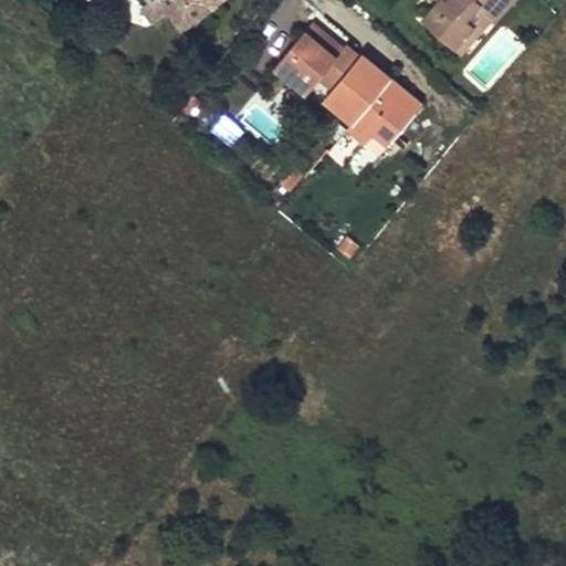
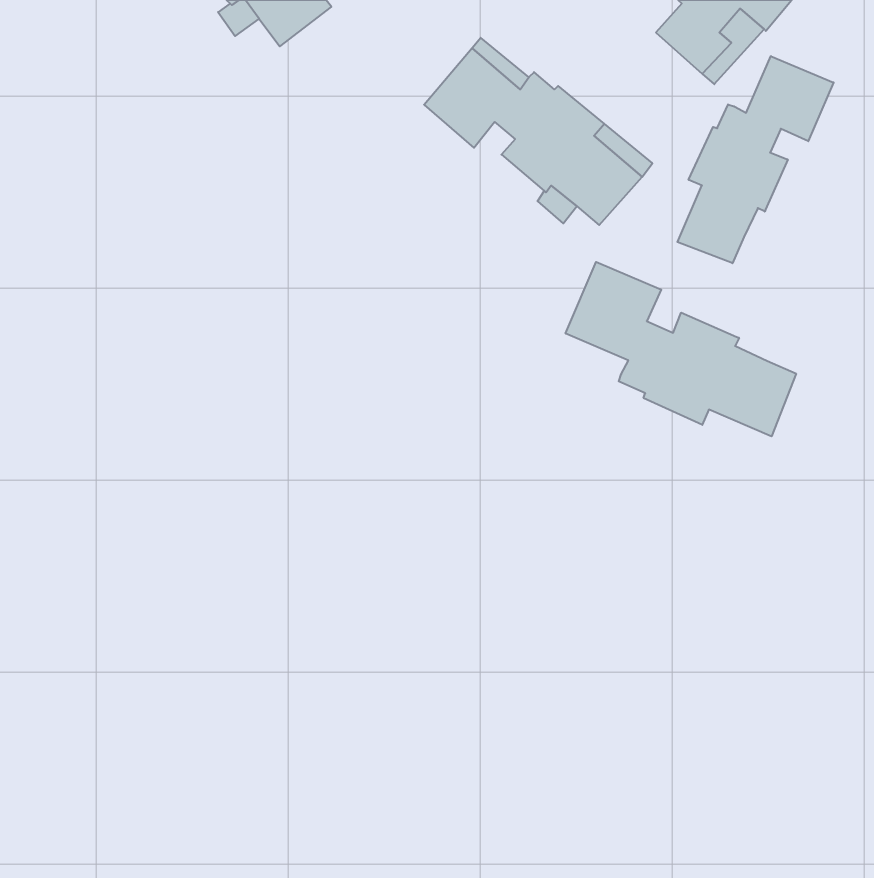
building: none -> [677,56,834,263]
building: none -> [566,262,796,436]

